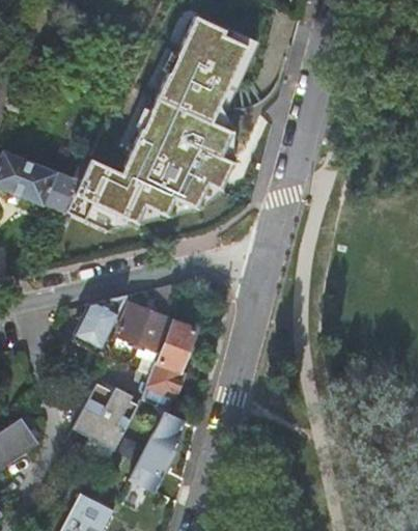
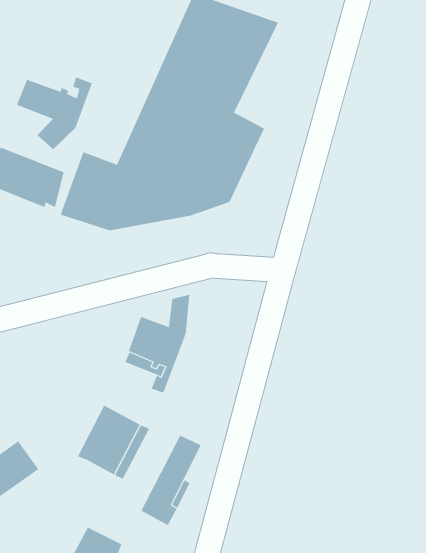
building: none -> [16,76,92,150]
building: [74,296,128,347] -> none
building: [147,322,196,397] -> none

